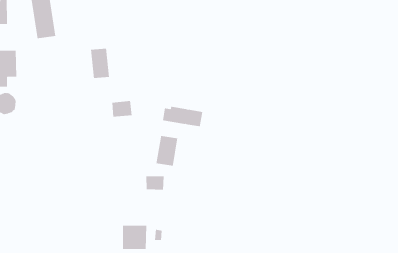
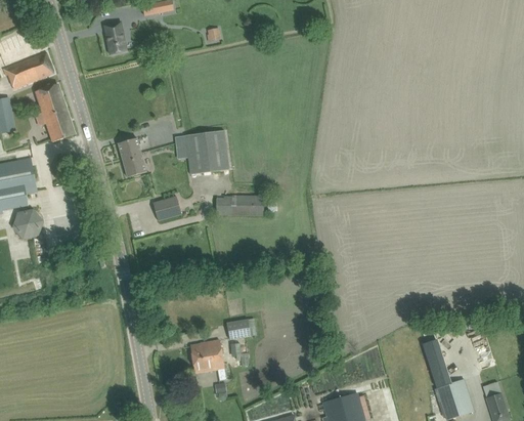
building: none -> [185,129,229,173]
building: [156,135,178,166] -> none
building: [146,176,165,190] -> [225,320,250,339]

